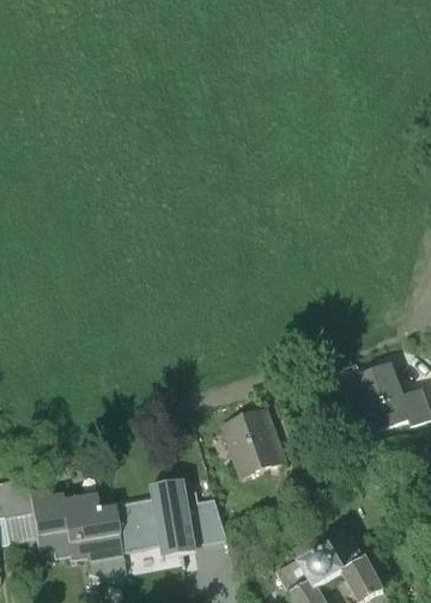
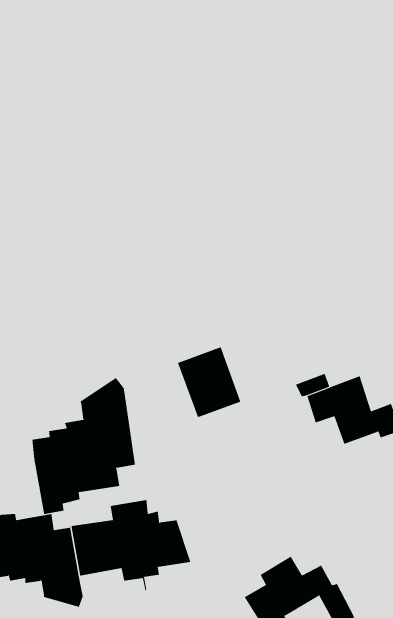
building: none -> [32,377,136,515]
building: [223,409,284,477] -> [177,347,241,418]

